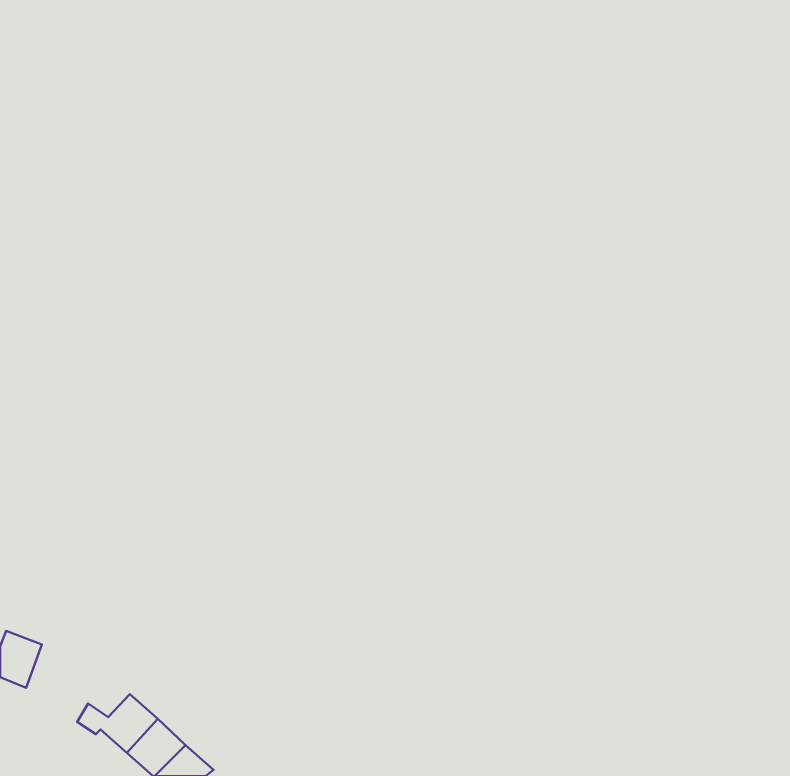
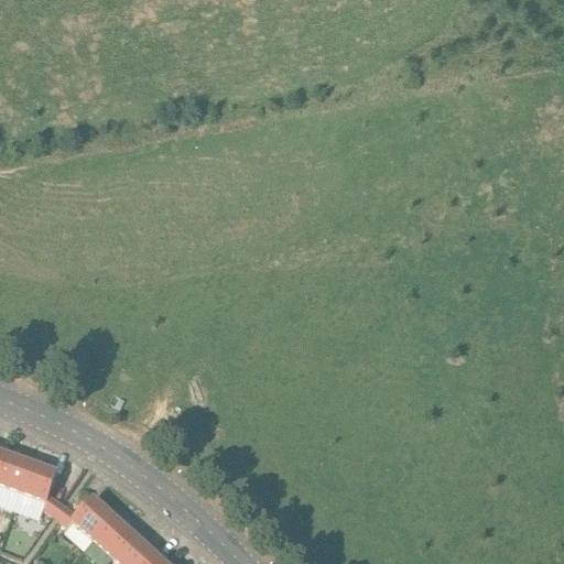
building: none -> [15,459,63,514]

